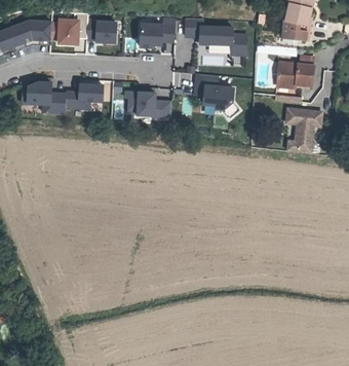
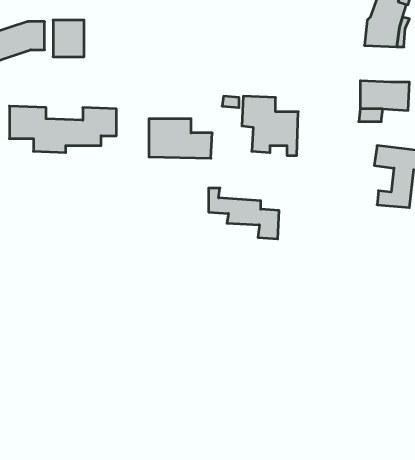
building: [91,19,115,43] -> none
building: [187,21,238,58] -> [209,188,279,239]
building: [137,22,173,45] -> none

